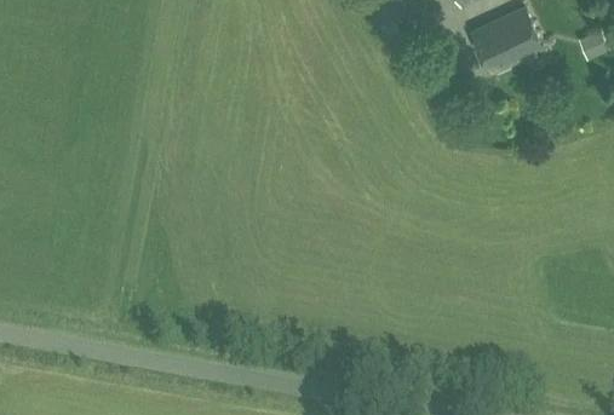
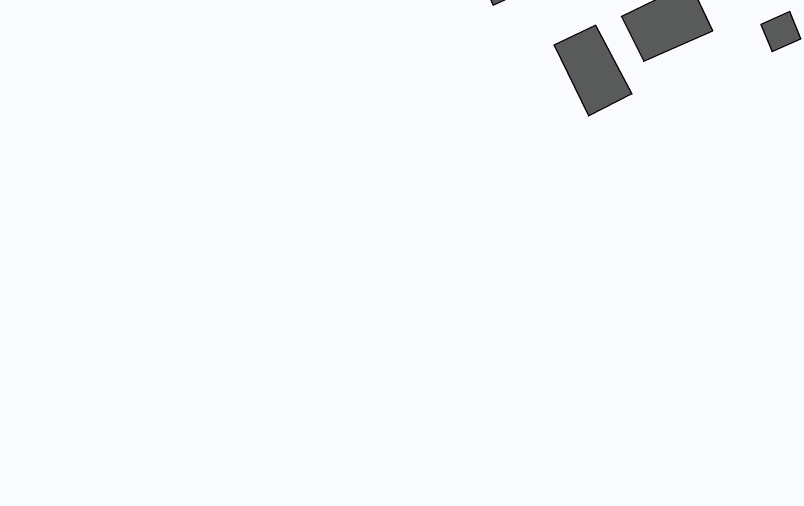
building: none -> [554,25,632,116]

